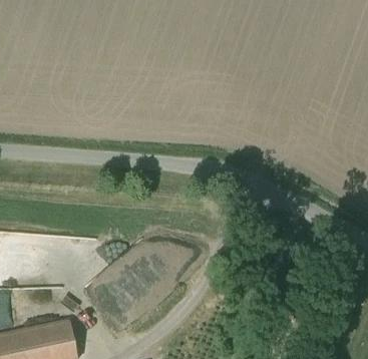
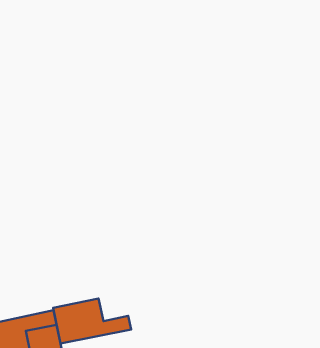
building: none -> [53,299,131,343]

